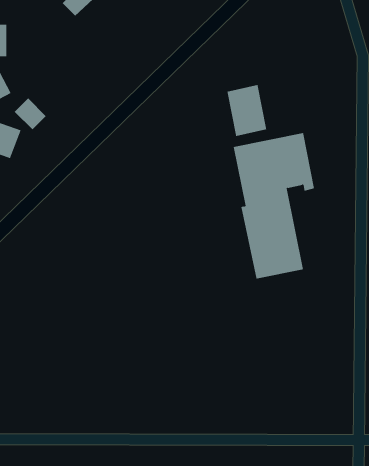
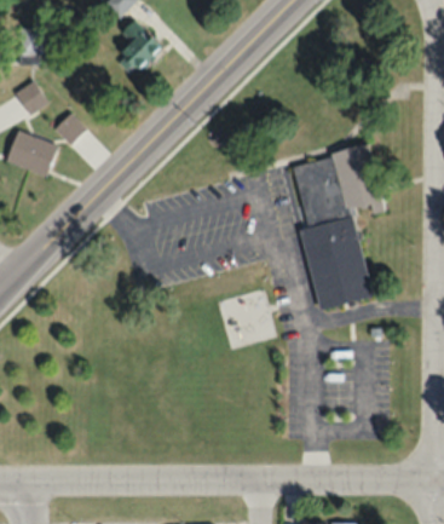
building: none -> [115,19,162,77]
building: [227,84,267,137] -> none

